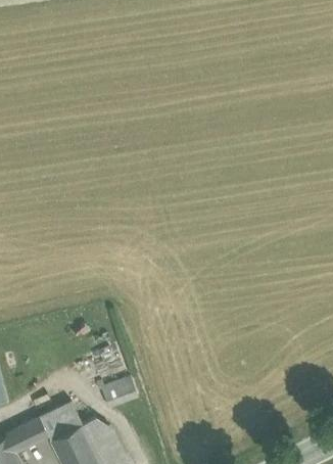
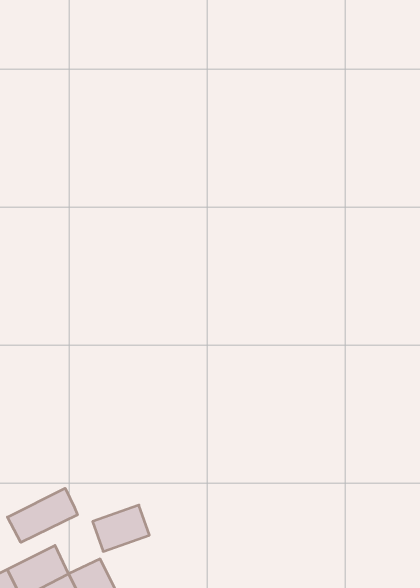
building: none -> [7,488,77,542]

